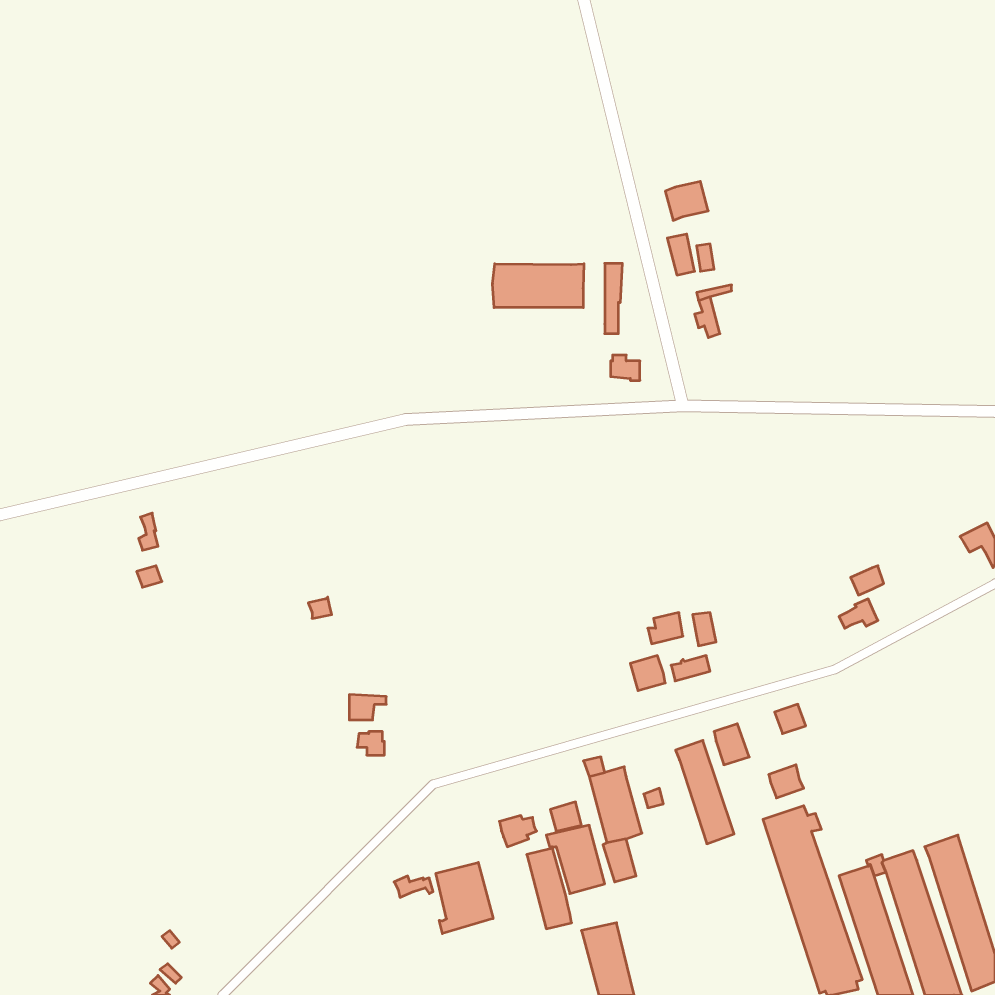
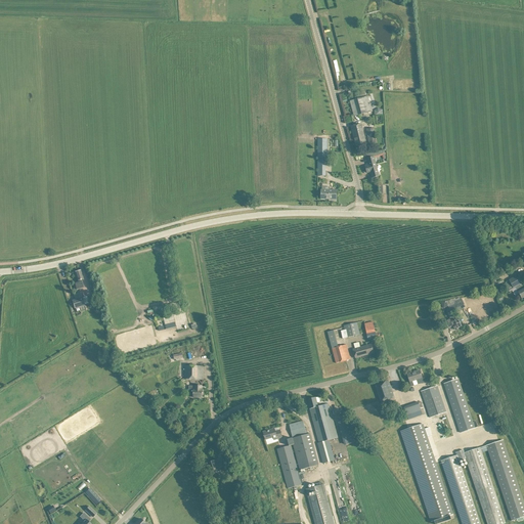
building: [493,264,584,308] -> none
building: none -> [420,385,445,418]
building: [676,740,734,844] -> [443,378,474,432]
building: [436,862,493,934] -> none

